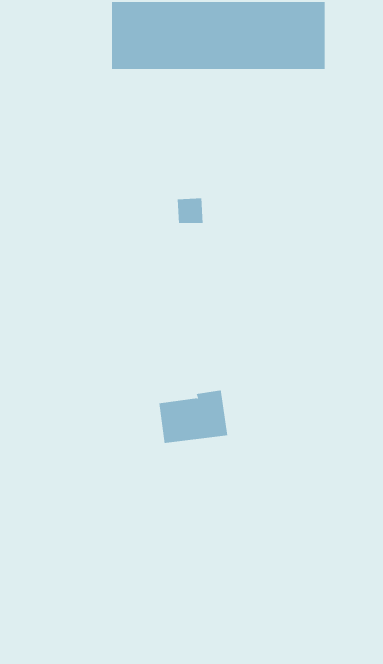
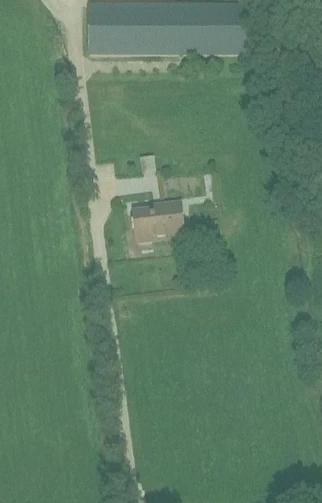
building: [158,390,228,443] -> [132,200,184,240]

